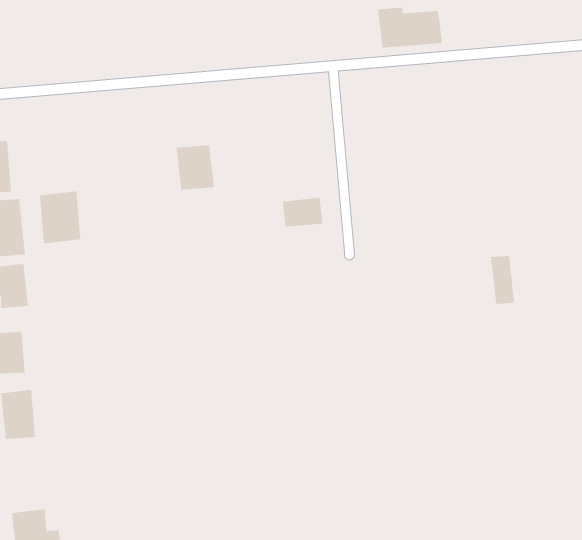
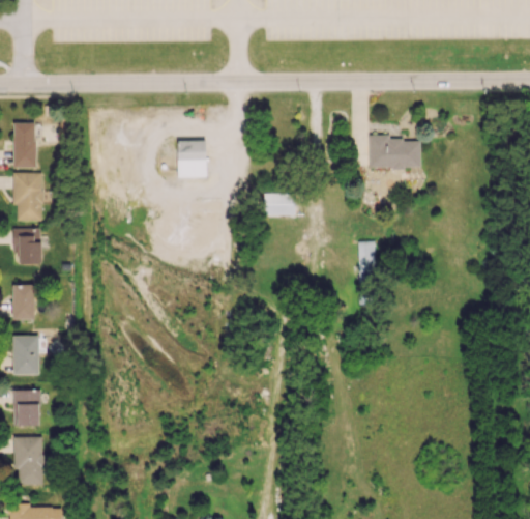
building: [377,7,443,48] -> [369,135,421,168]
building: [39,191,81,244] -> none
building: [490,255,515,305] -> [358,241,376,282]
building: none -> [13,390,40,426]

